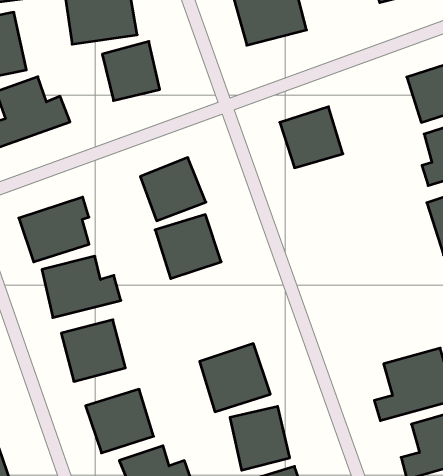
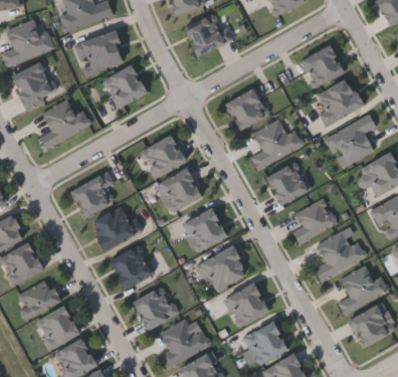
building: none -> [252,118,305,168]
building: none -> [265,161,311,205]
building: none -> [183,207,227,251]
building: none -> [293,197,338,244]

